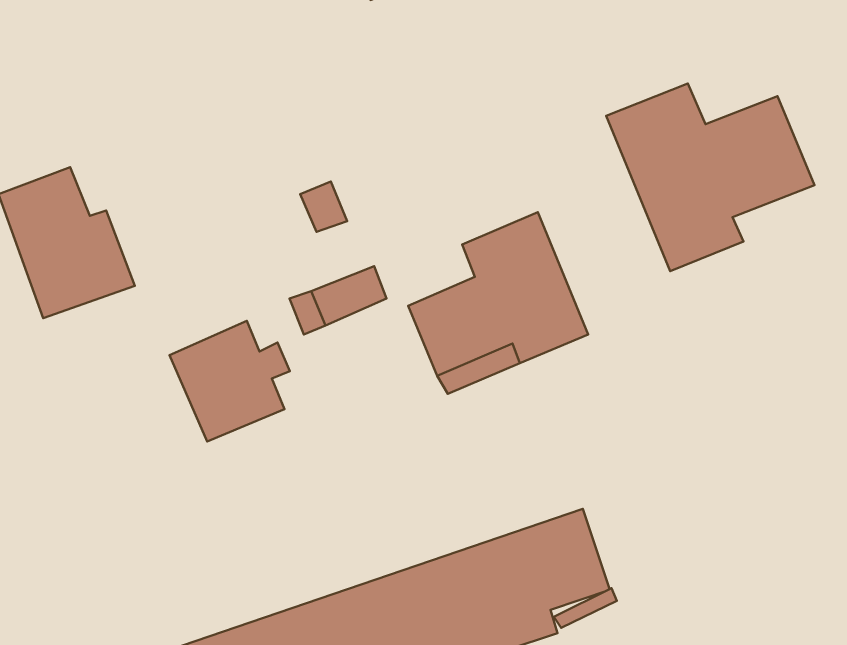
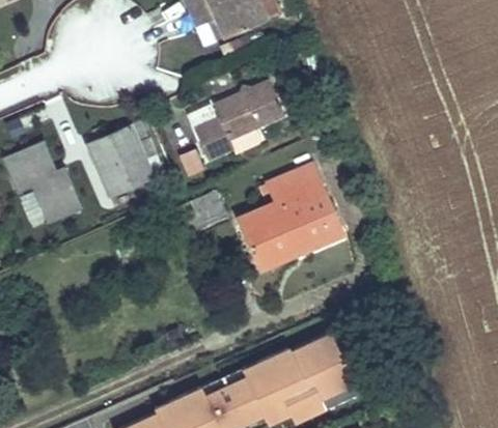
building: none -> [195,81,285,160]
building: [606,84,814,271] -> none
building: [169,321,290,441] -> [88,125,158,195]

